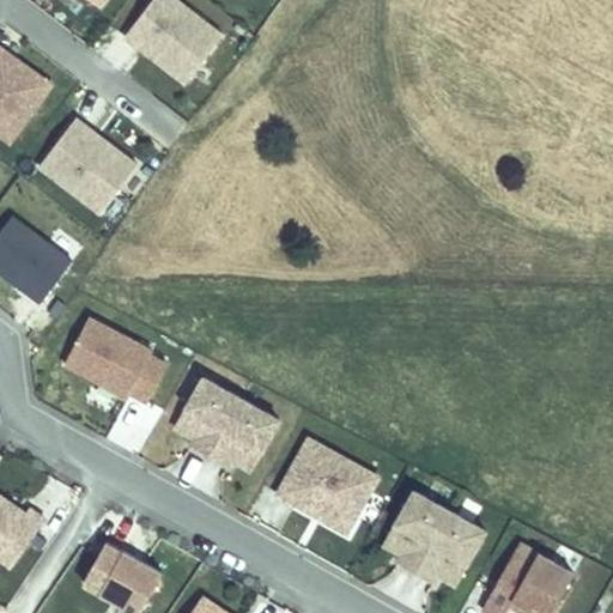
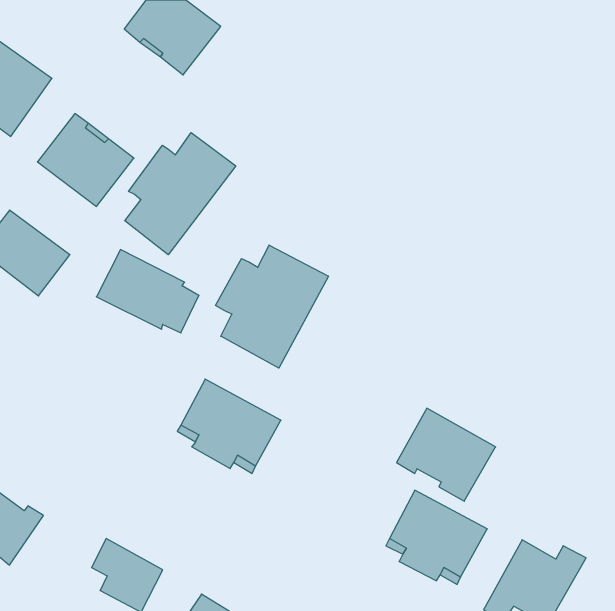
building: none -> [125,133,236,255]
building: none -> [216,245,328,368]
building: [63,317,165,400] -> [96,250,199,333]
building: [280,444,378,536] -> [397,408,496,501]

